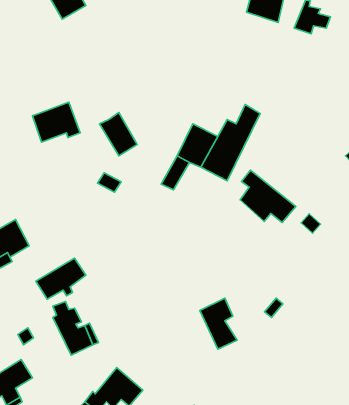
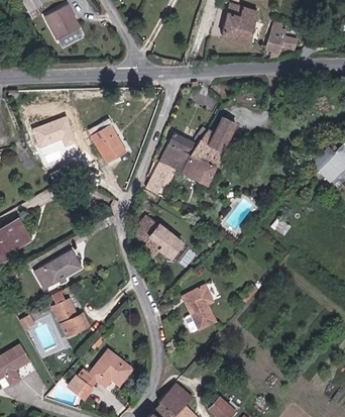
building: [240,170,296,223] -> [132,211,182,257]

